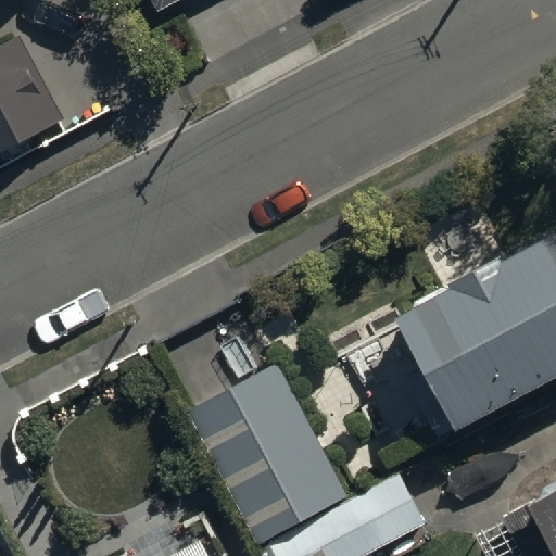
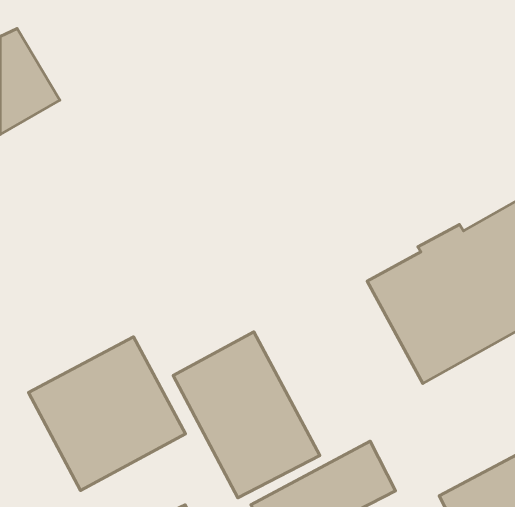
building: none -> [28,337,186,491]

